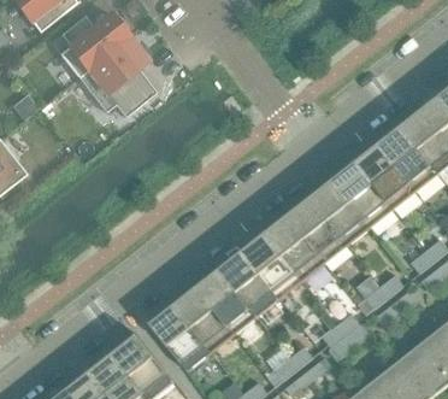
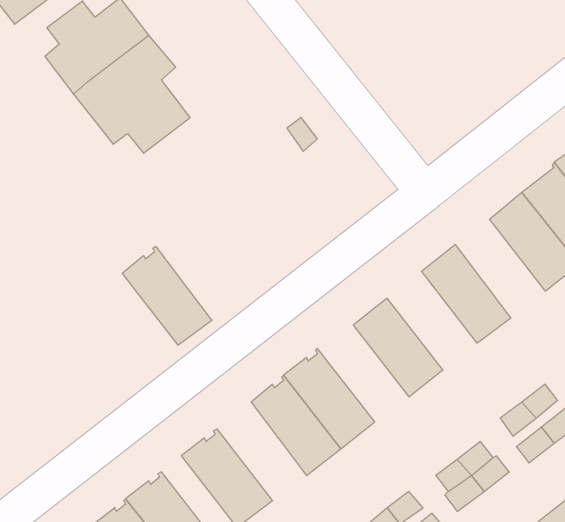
building: [334,162,394,228] -> none
building: [288,196,348,263] -> none
building: [241,233,302,298] -> none
building: [173,284,234,351] -> [122,247,212,345]

